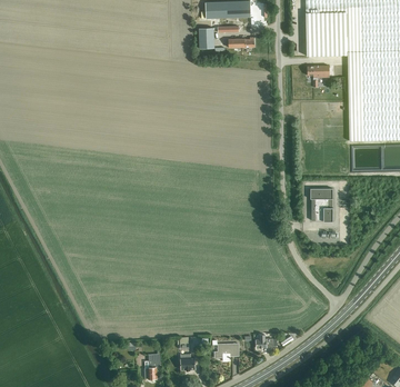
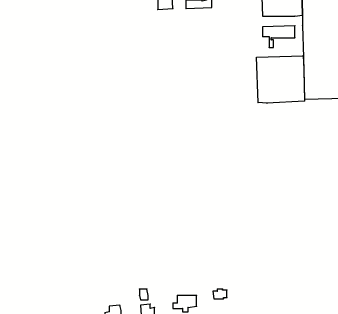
building: none -> [257,56,305,103]
building: [310,188,333,221] -> none

